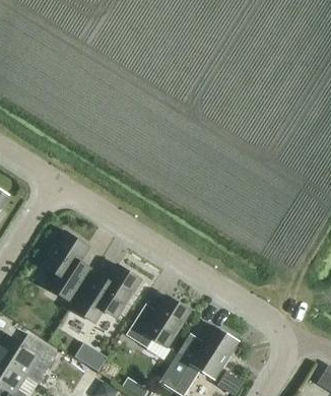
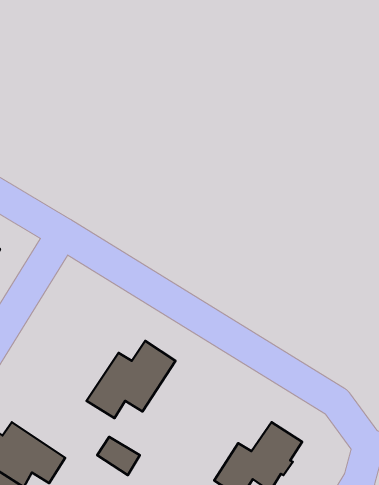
building: [44,230,89,301] -> none
building: [126,295,190,347] -> none

